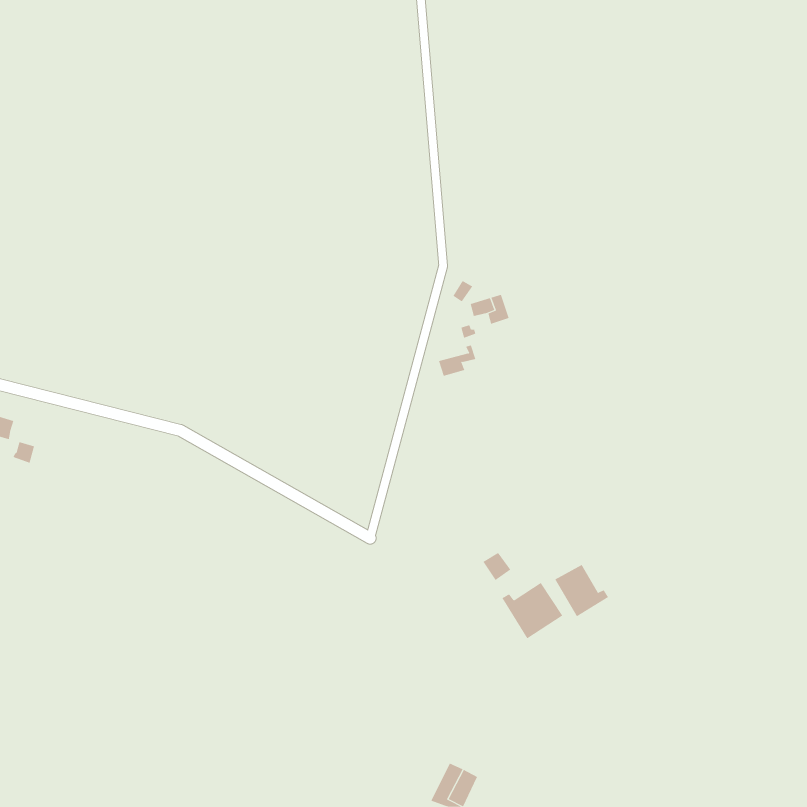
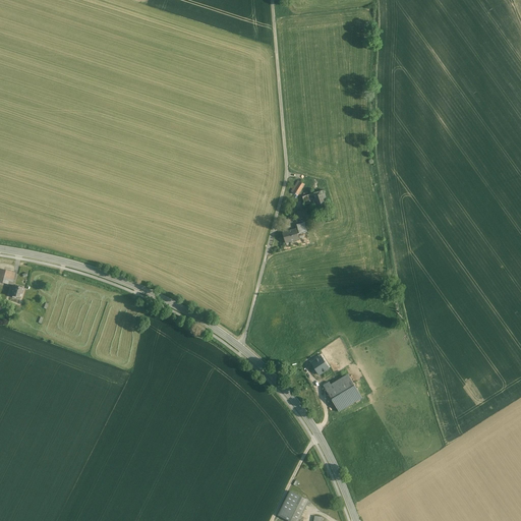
building: [555,564,609,617] -> none

